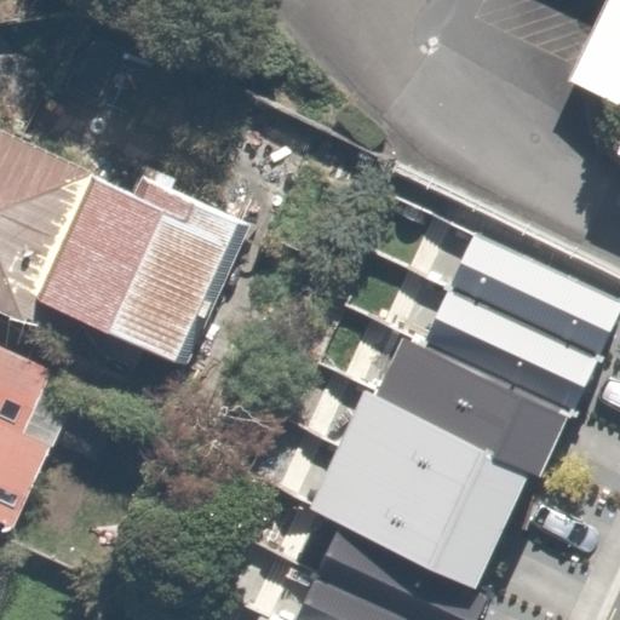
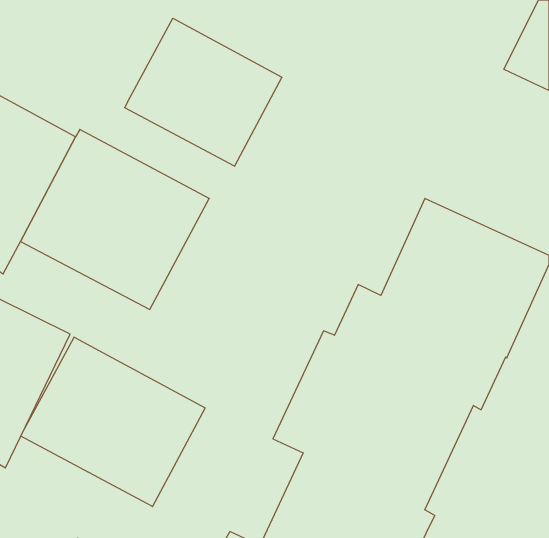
building: none -> [125,18,282,166]
building: none -> [21,337,205,507]

